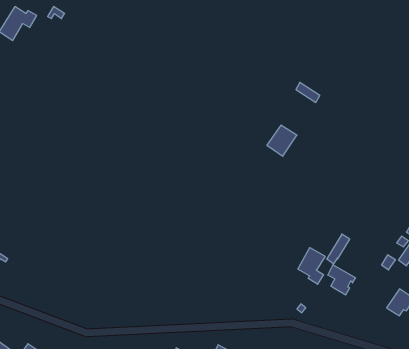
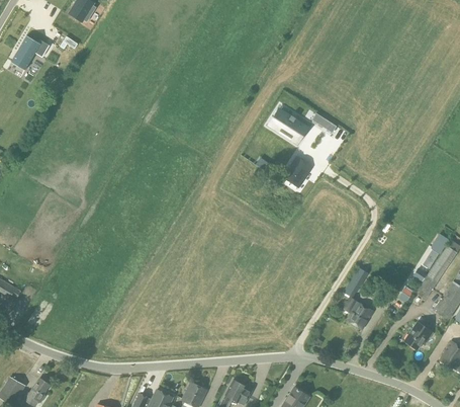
building: none -> [267,106,309,145]
building: [298,248,325,284] -> none

